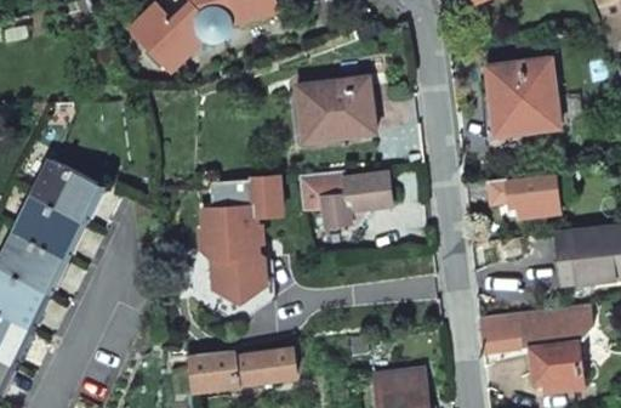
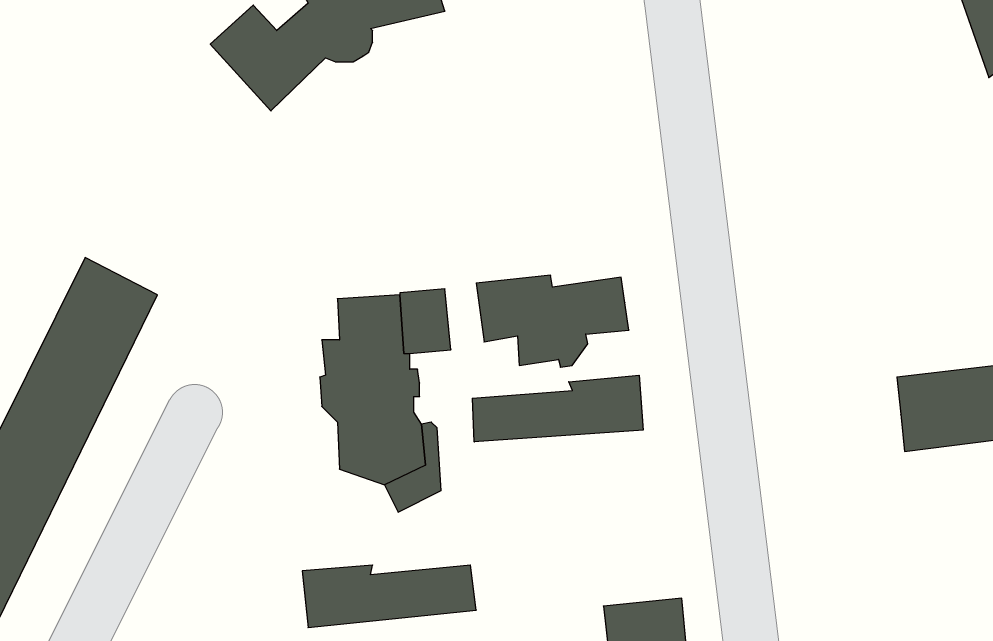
building: [486,58,559,135] -> none
building: [298,76,375,141] -> none
building: [490,174,569,215] -> none
building: none -> [472,375,643,442]
building: [480,304,593,391] -> none

